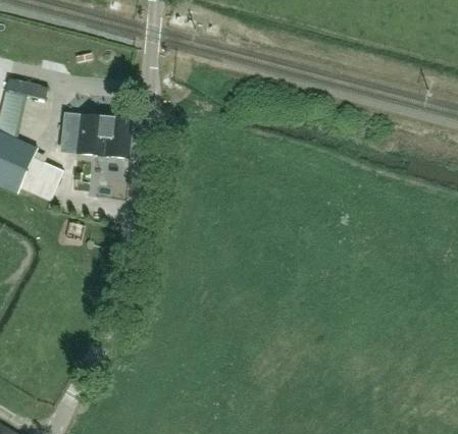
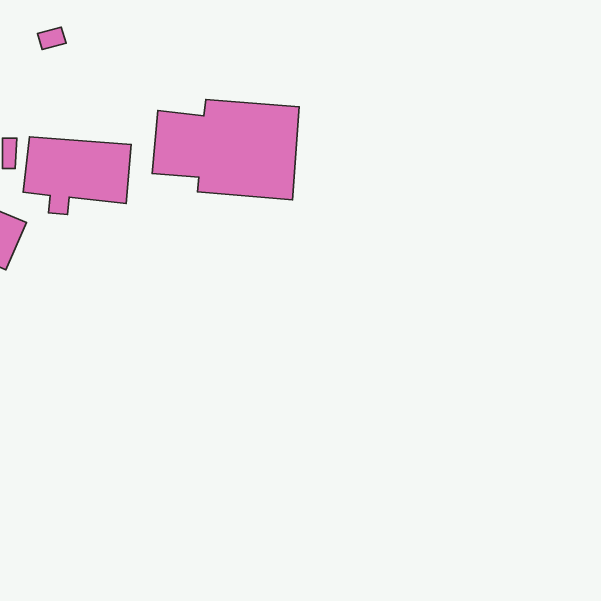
building: none -> [152,100,299,200]

